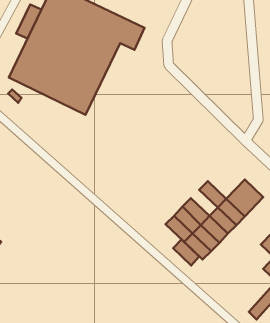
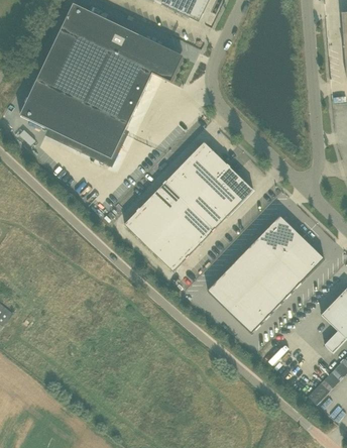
building: [16,5,41,39] -> none
building: none -> [124,141,252,270]
building: none -> [257,215,302,259]
building: none -> [237,248,269,279]
building: [173,239,199,265] -> none

